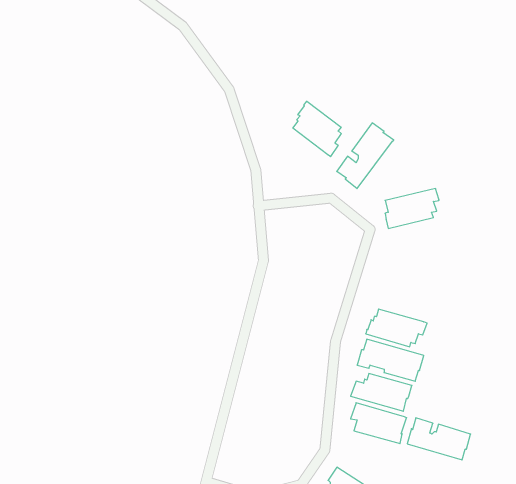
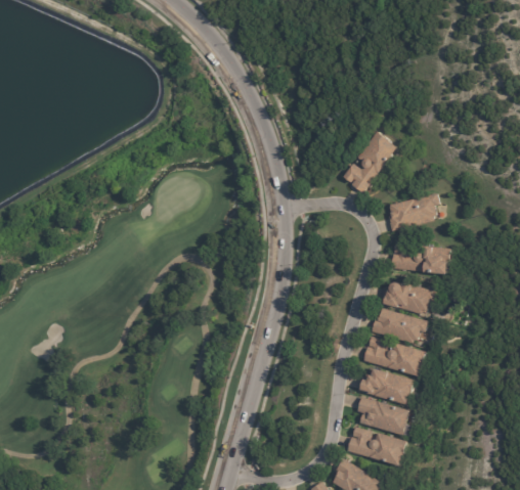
building: [293,101,341,157] -> none
building: none -> [391,242,451,274]
building: none -> [379,282,437,315]
building: [407,418,471,460] -> [347,427,407,466]

